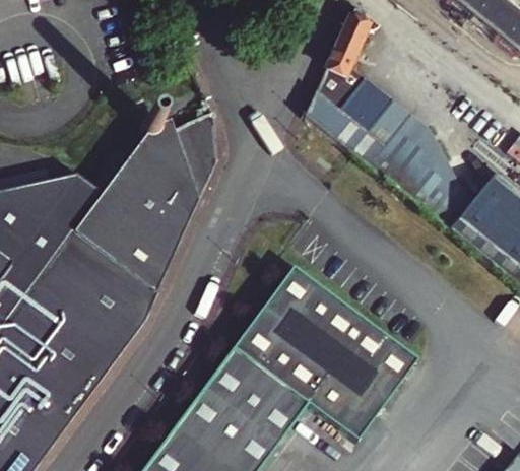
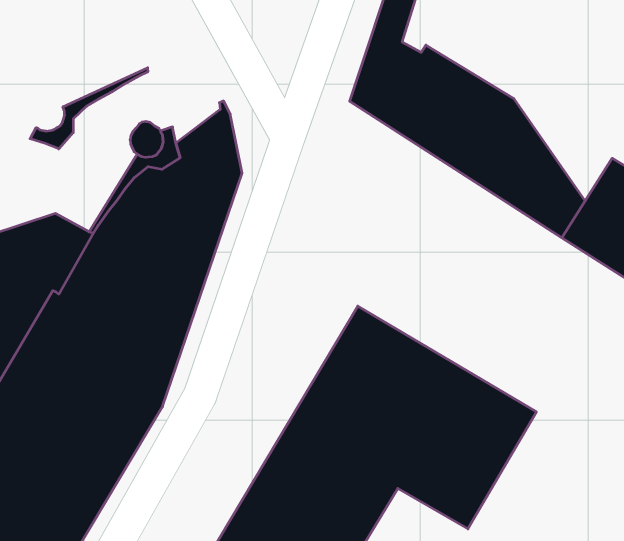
building: none -> [30,68,148,149]

